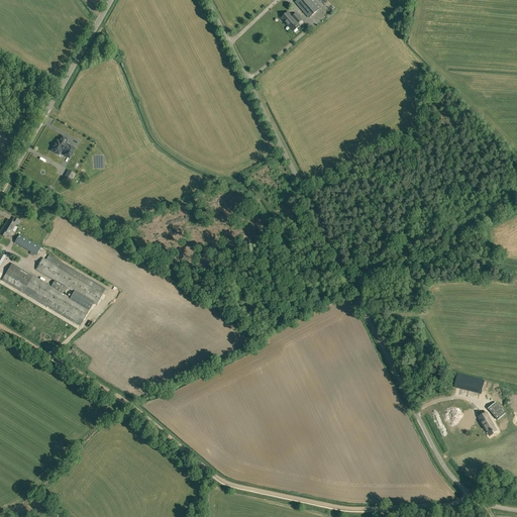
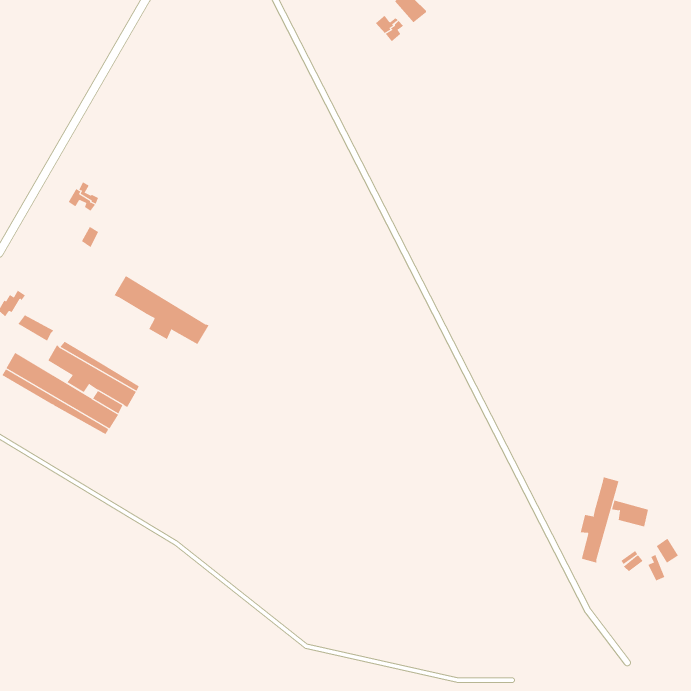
building: none -> [114,275,210,345]
building: none -> [580,476,619,563]

